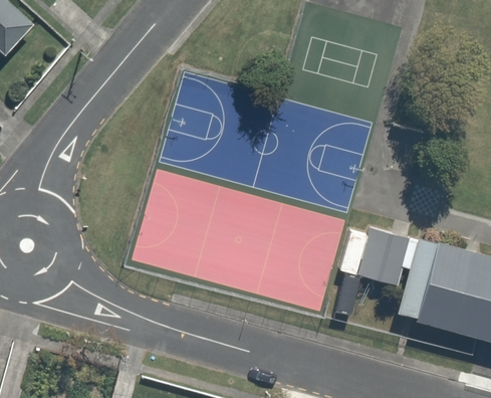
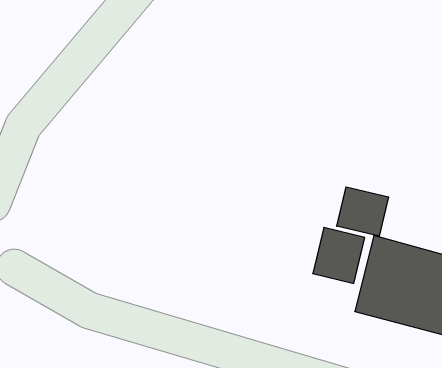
building: none -> [337,187,389,236]

